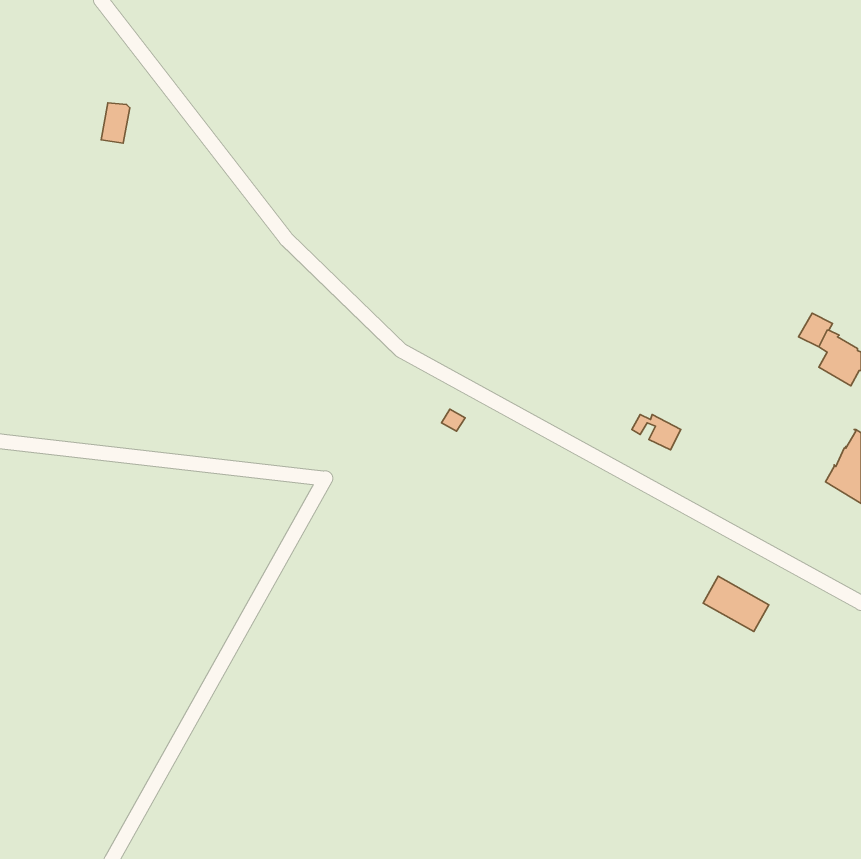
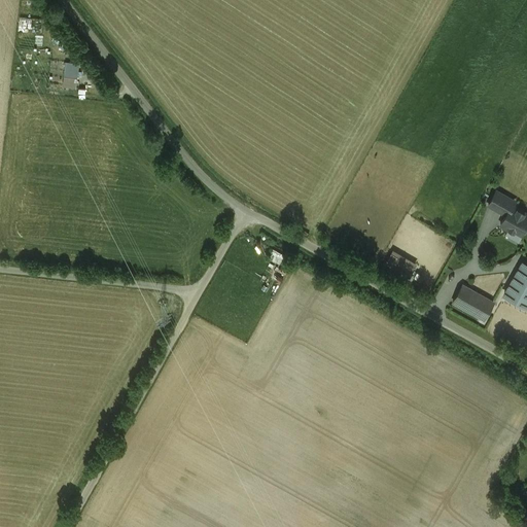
building: [703,576,769,632] -> [453,286,493,320]

